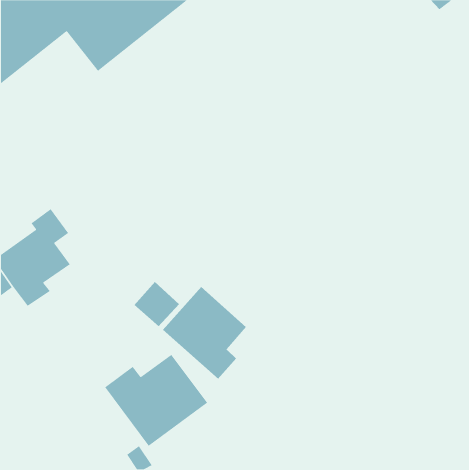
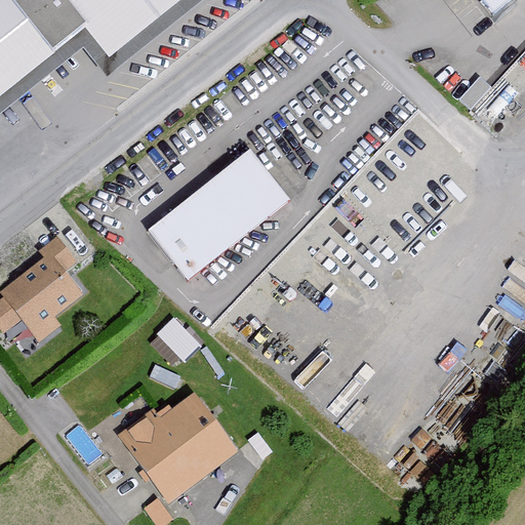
building: none -> [147,148,290,280]
building: [162,286,247,380] -> none

